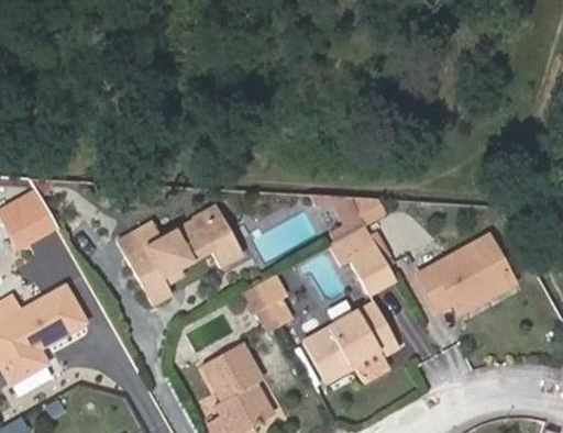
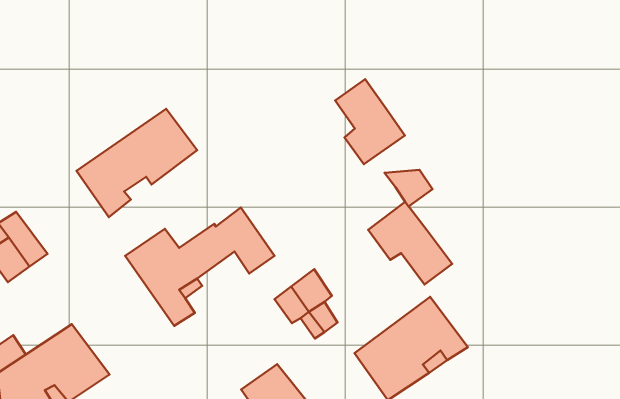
building: none -> [335,79,405,164]
building: none -> [77,109,197,217]
building: [411,242,508,313] -> none

